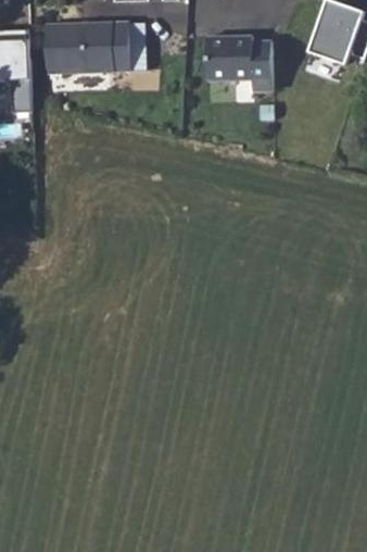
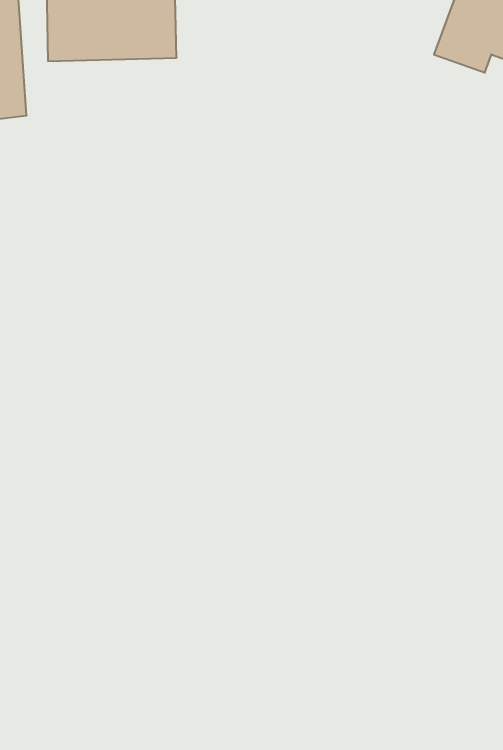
building: [205,36,275,95] -> none

